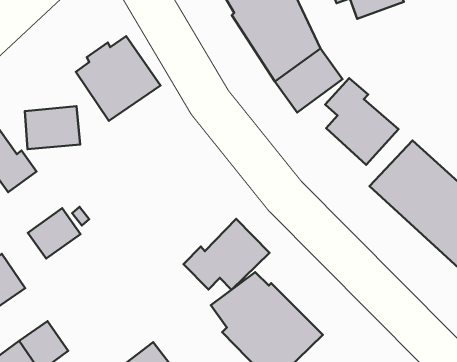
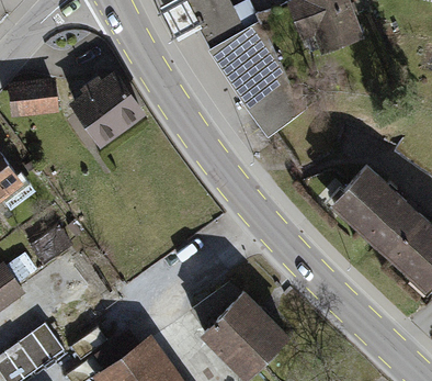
building: [325,78,399,165] -> none
building: [25,106,80,149] -> [8,78,57,116]
building: [184,219,270,290] -> none

